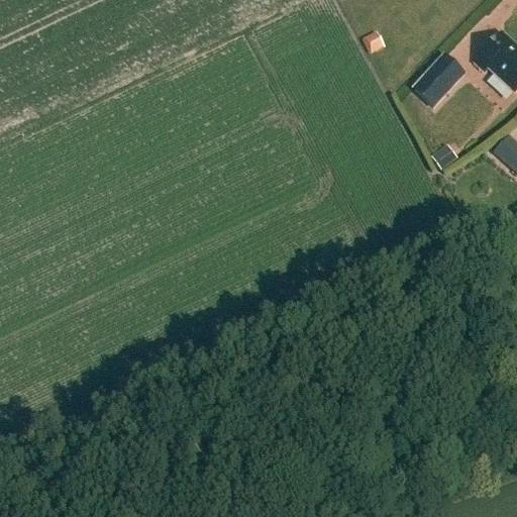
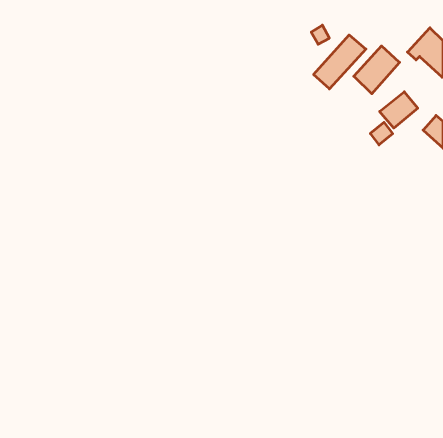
building: none -> [314,35,366,89]
building: none -> [380,92,418,128]

